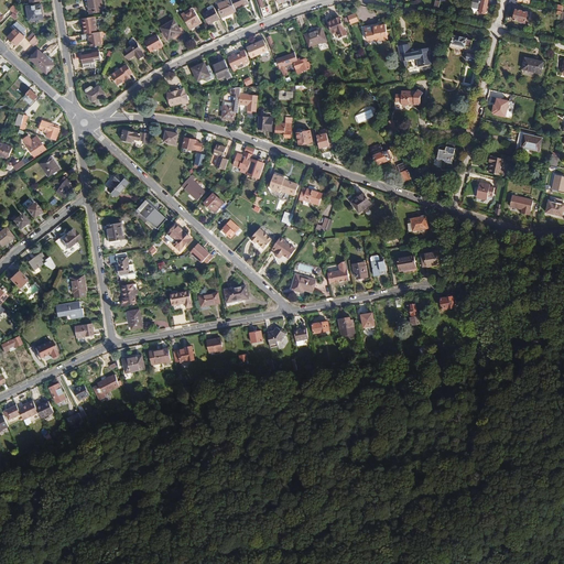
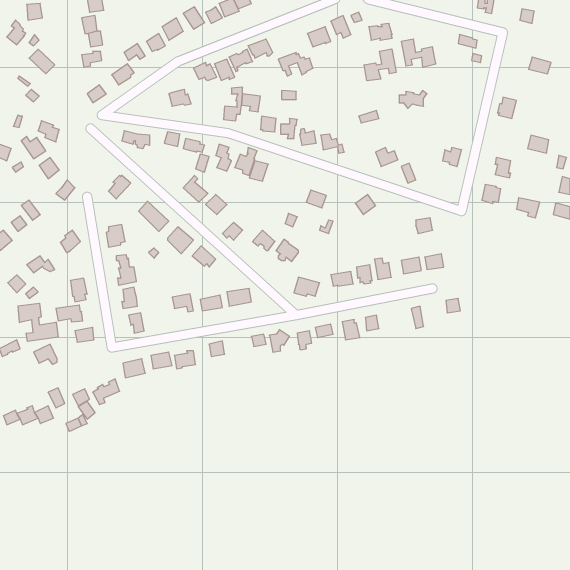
building: none -> [364,49,396,81]
building: [260,171,297,194] -> none
building: none -> [18,303,58,341]

